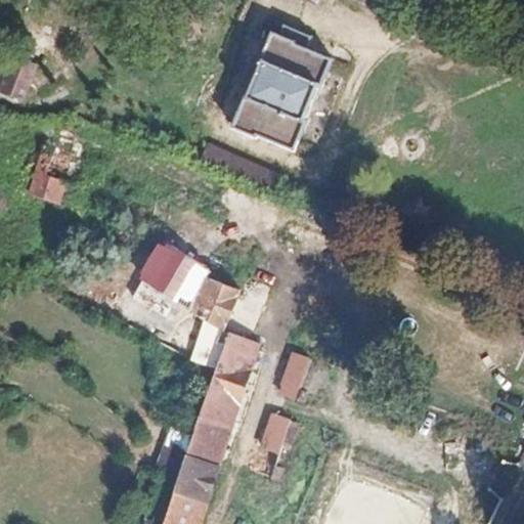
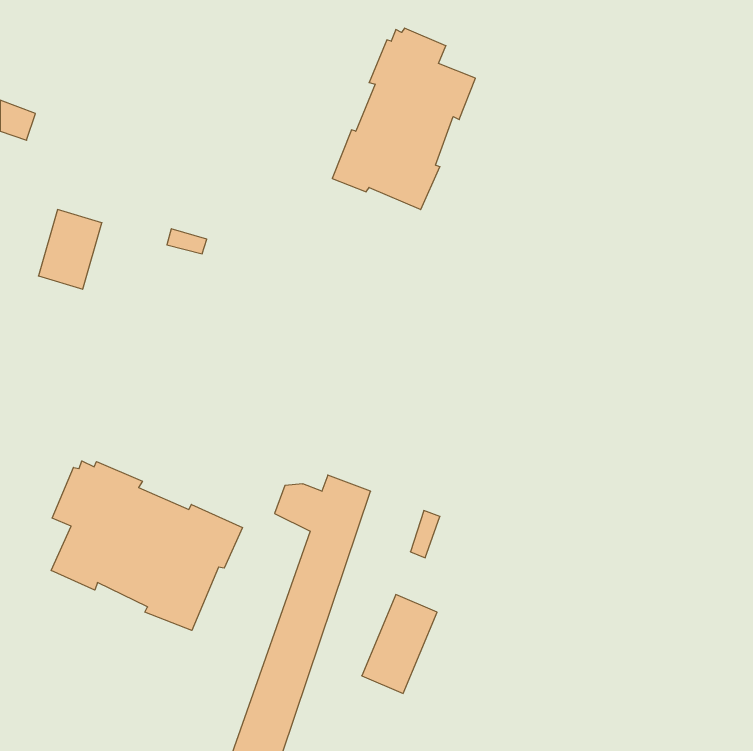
building: [136,243,237,328] -> none
building: none -> [51,461,243,630]

